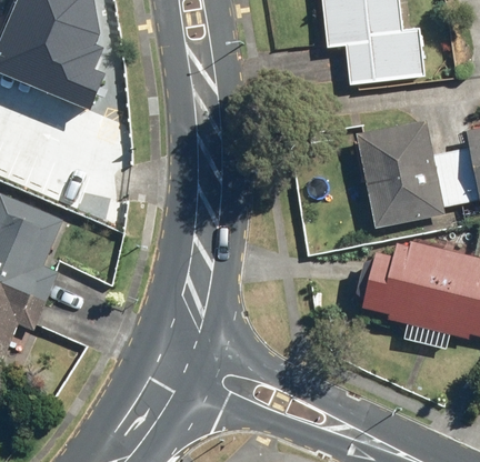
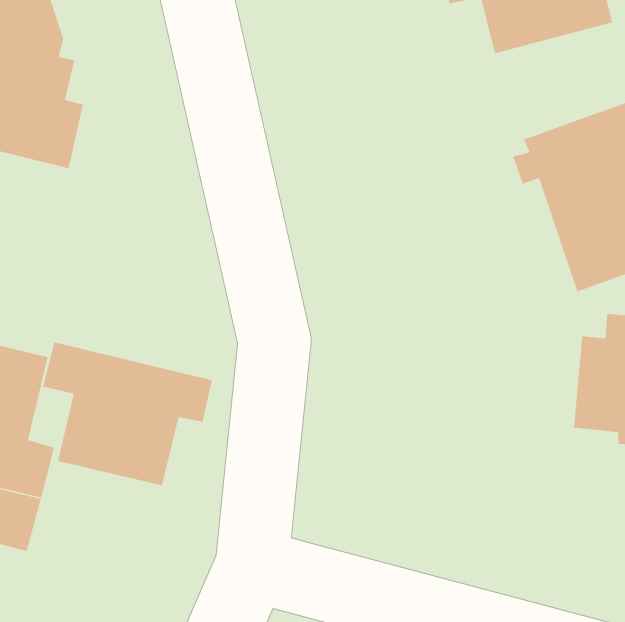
building: none -> [42,341,213,486]

